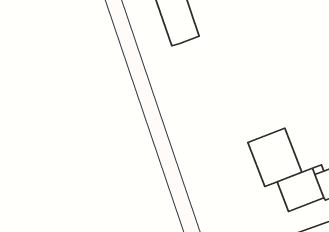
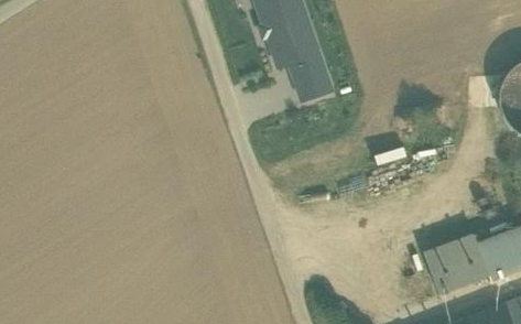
building: none -> [292,53,332,100]
building: [248,128,302,187] -> none

